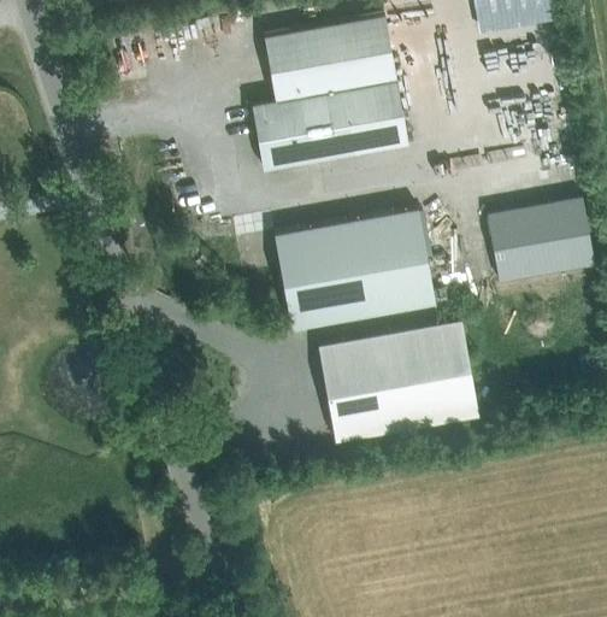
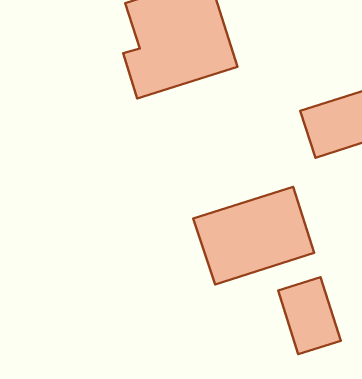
building: [276,208,436,330] -> none
building: none -> [278,277,341,354]

